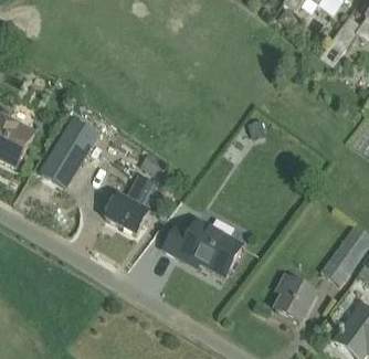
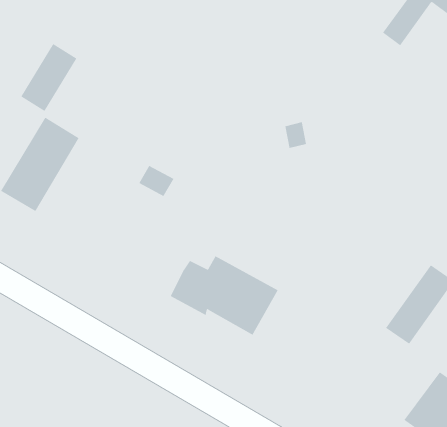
building: none -> [20,43,77,112]
building: [104,173,164,233] -> none
building: [274,274,315,321] -> none

